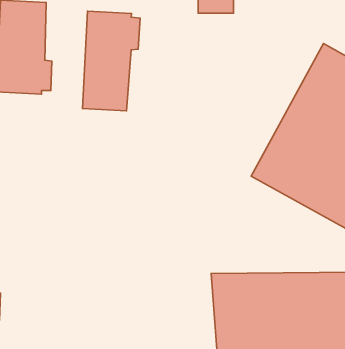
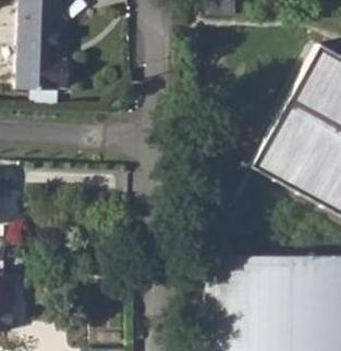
building: [83,11,140,111] -> none

